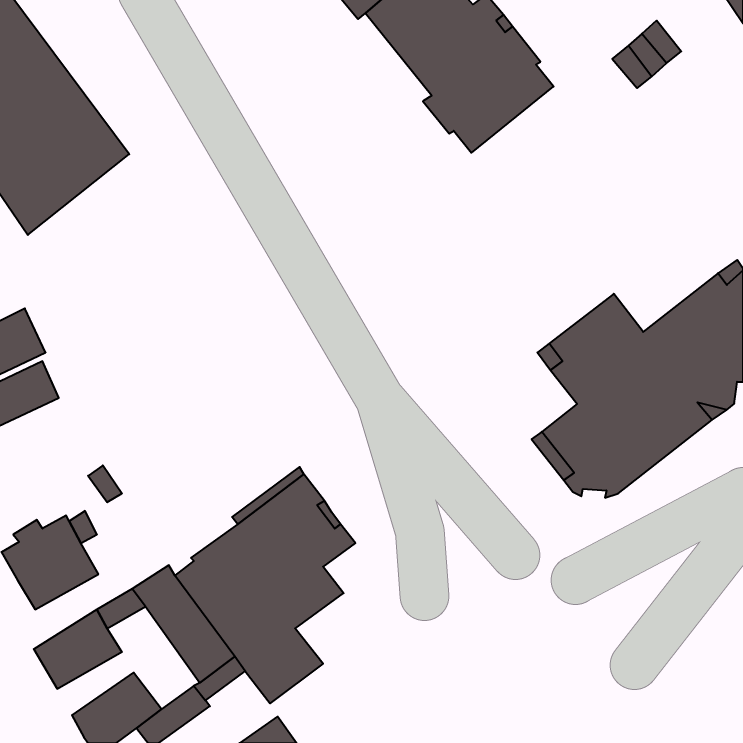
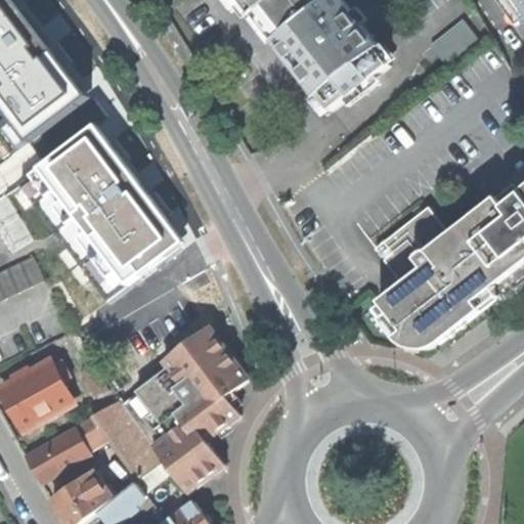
building: none -> [14,129,179,301]

